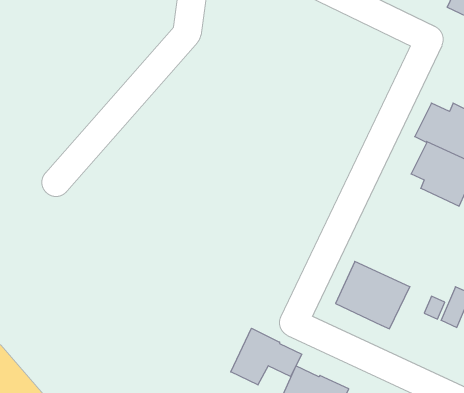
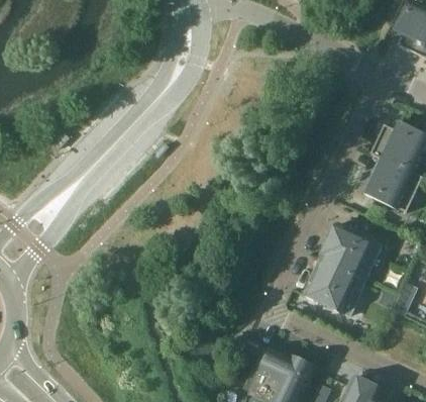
building: none -> [319,223,382,281]
building: [231,328,302,385] -> none

